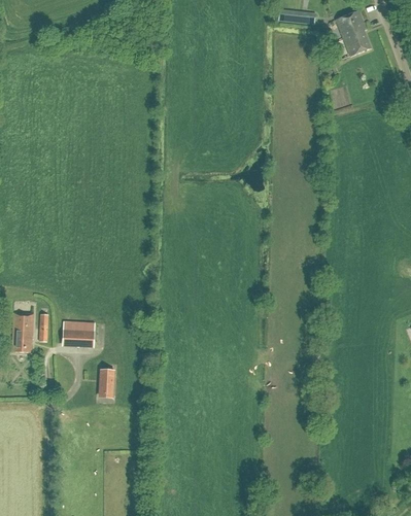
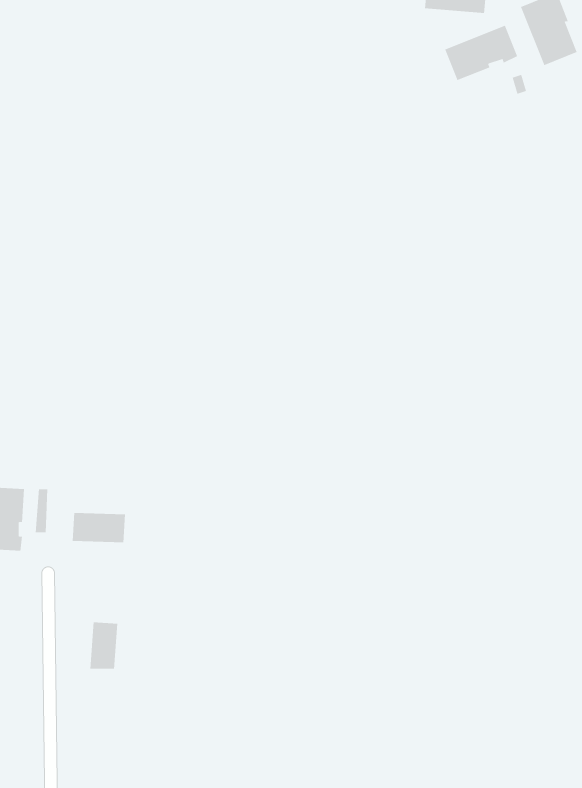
building: none -> [445,25,518,81]
building: [98,369,115,398] -> [90,622,118,669]

